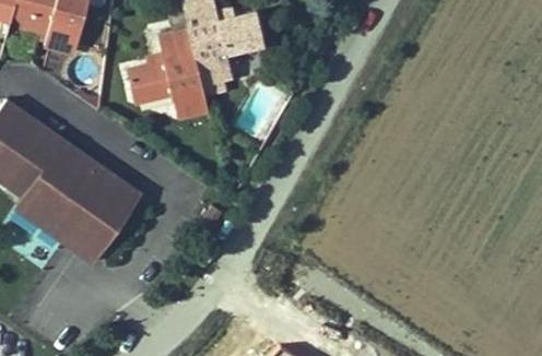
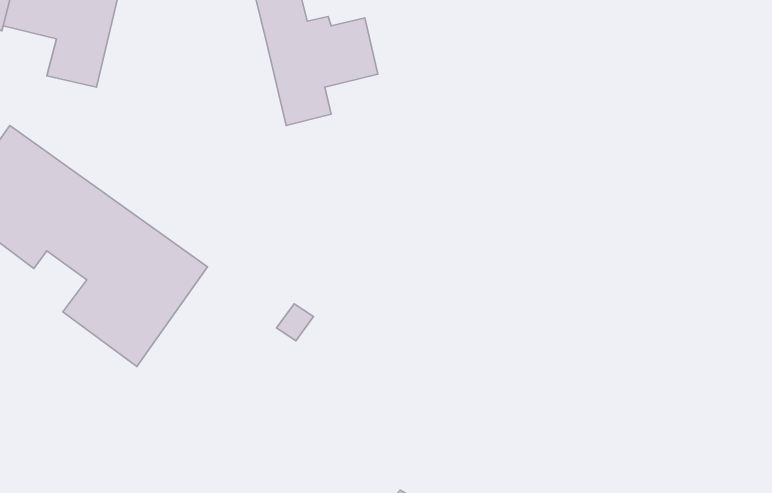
building: [120,41,205,134] -> none
building: [20,182,63,224] -> none

